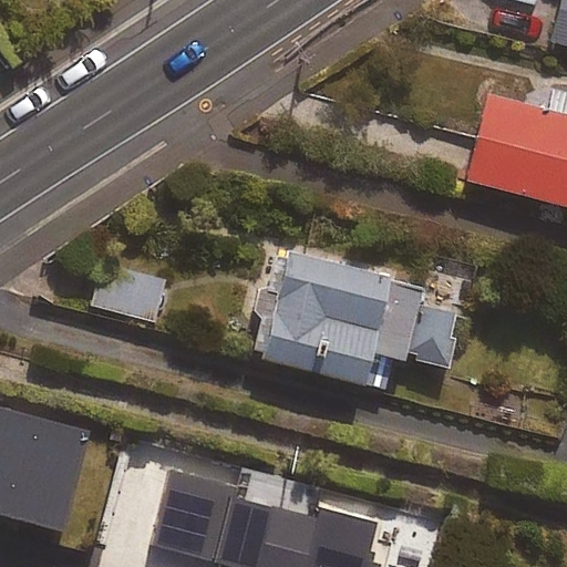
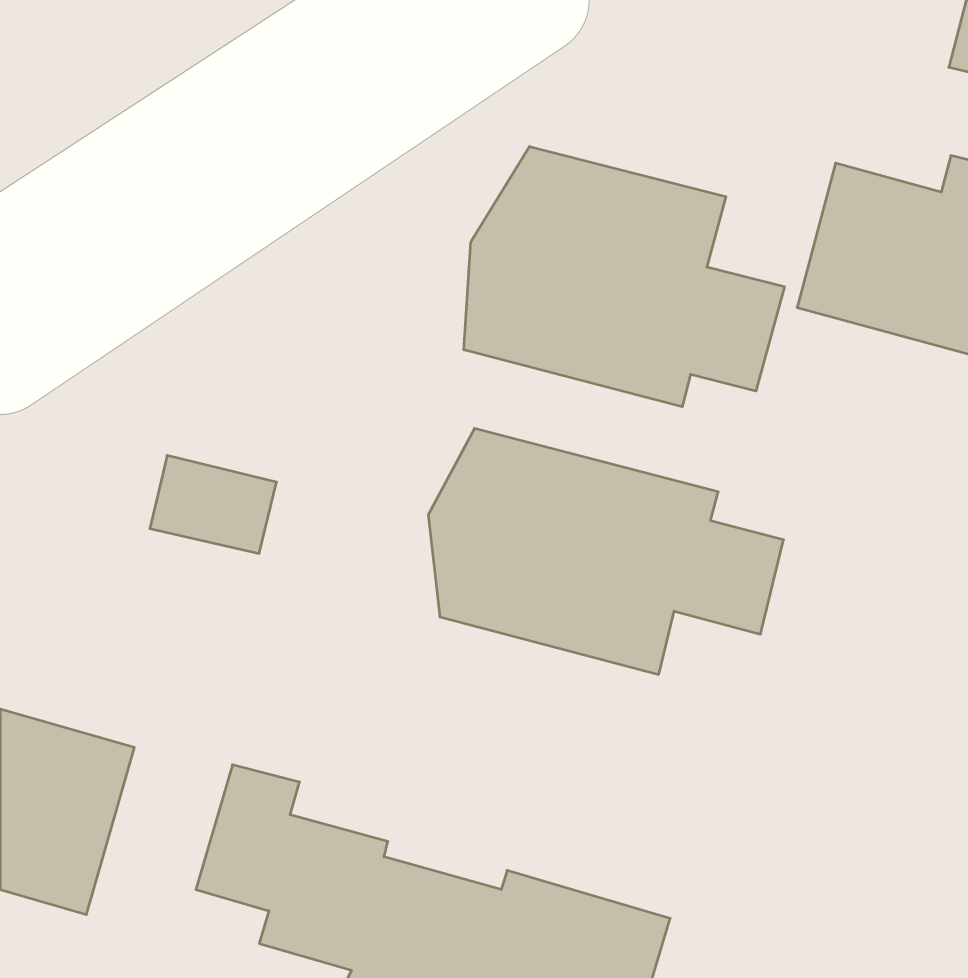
building: none -> [464,146,784,407]

